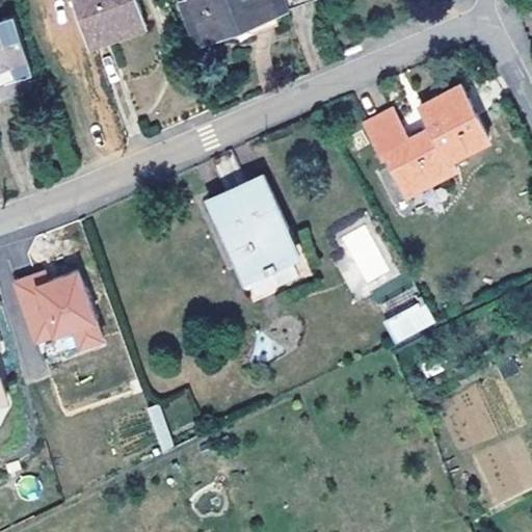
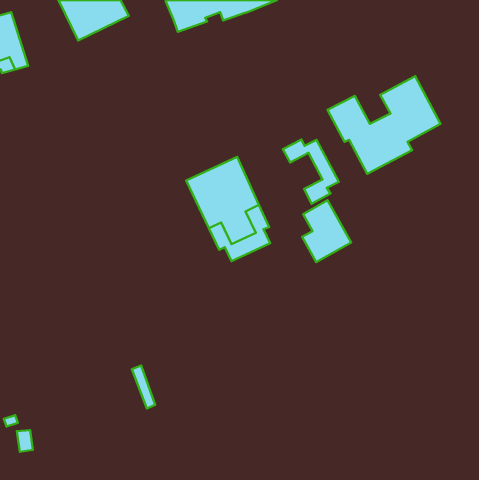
building: [196,14,277,43] -> none
building: none -> [283,140,339,204]
building: [9,270,102,364] -> none
building: [388,300,434,338] -> none

